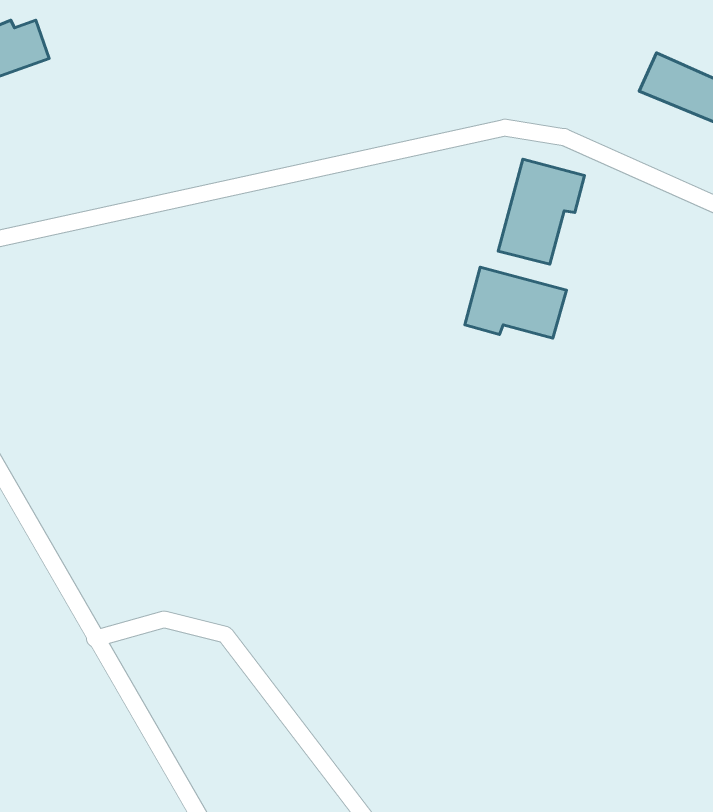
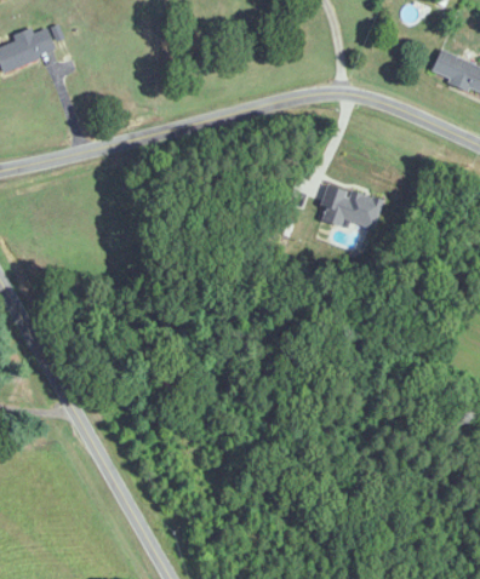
building: [498,159,584,264] -> none

